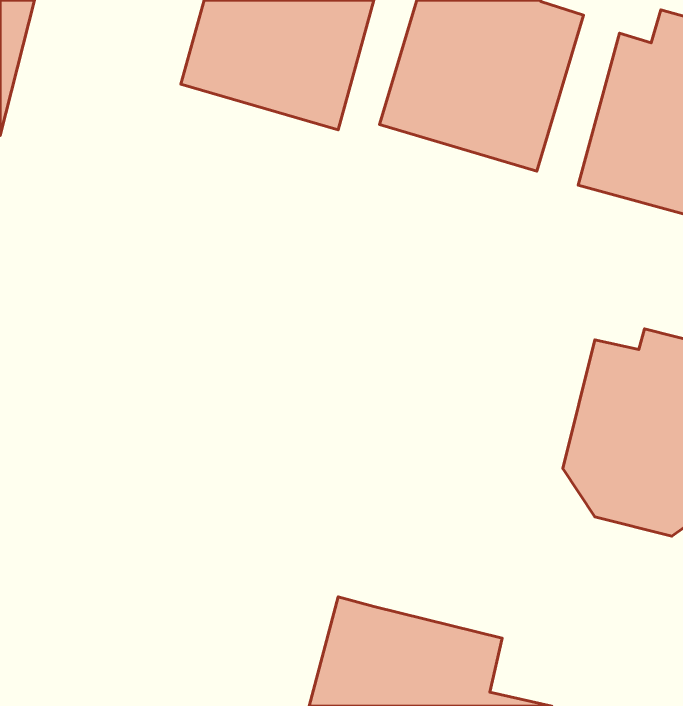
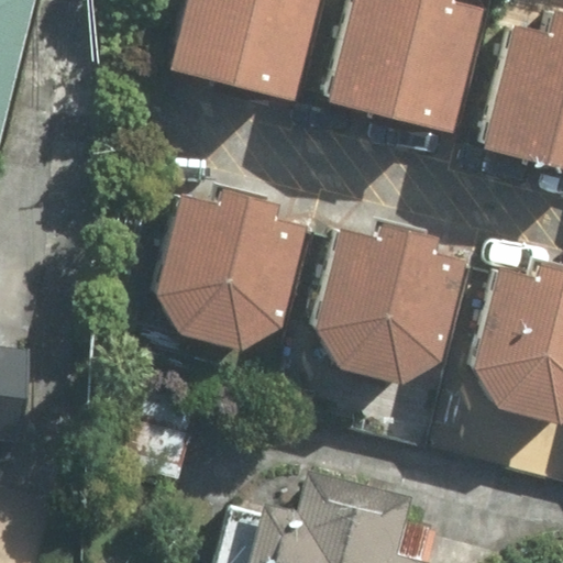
building: none -> [150,183,309,350]
building: none -> [308,222,467,387]

